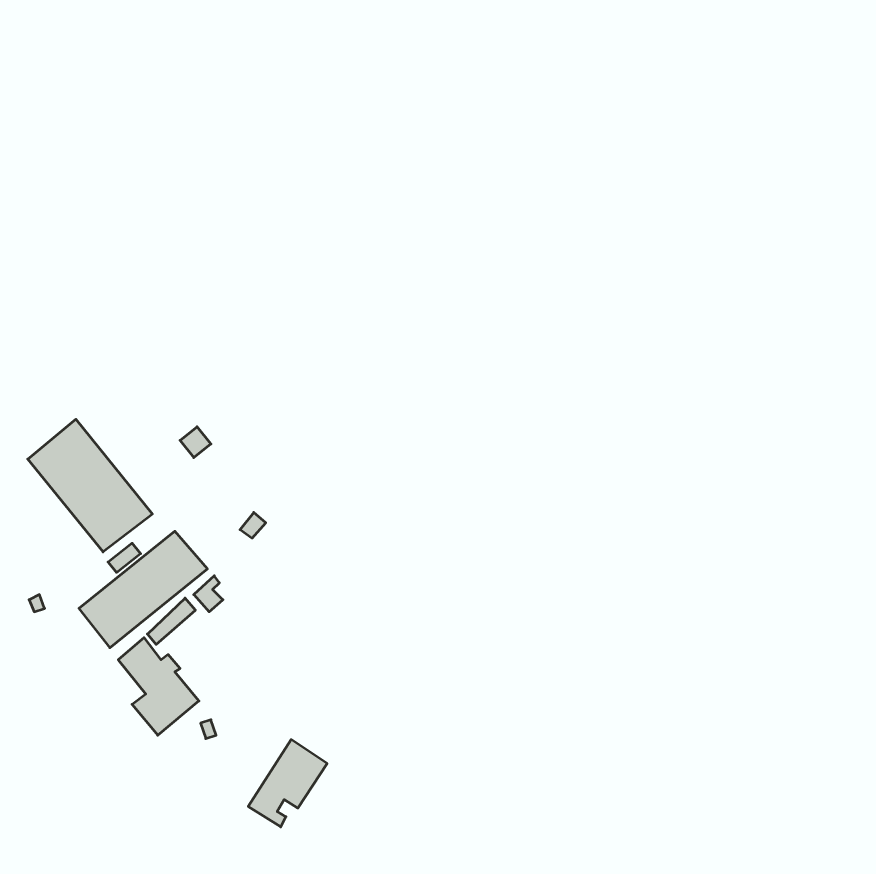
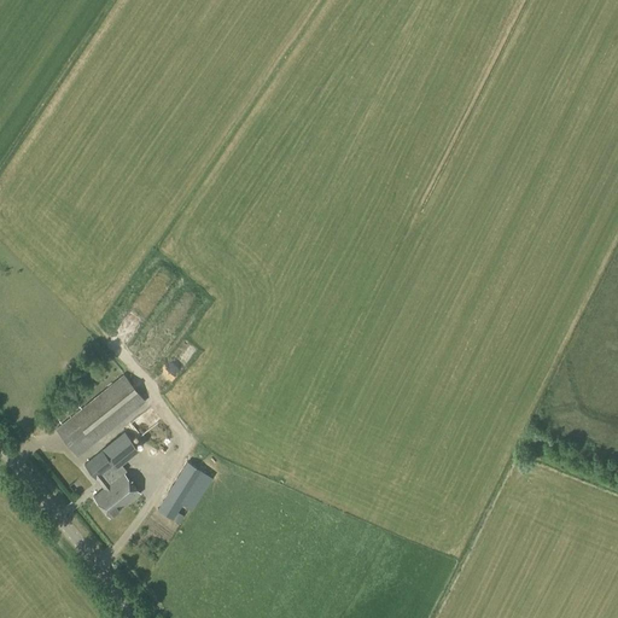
building: [28,419,152,552] -> none
building: [248,740,327,827] -> [157,462,212,524]

